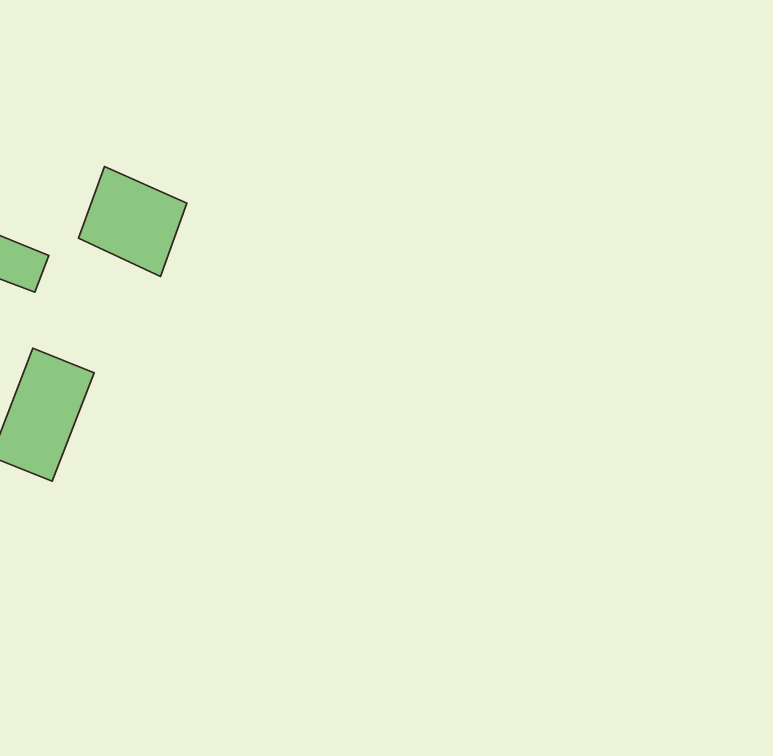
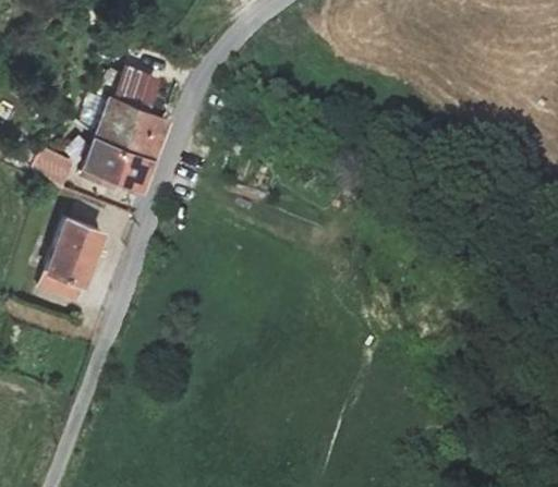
building: none -> [110,65,179,127]
building: none -> [85,149,145,198]

